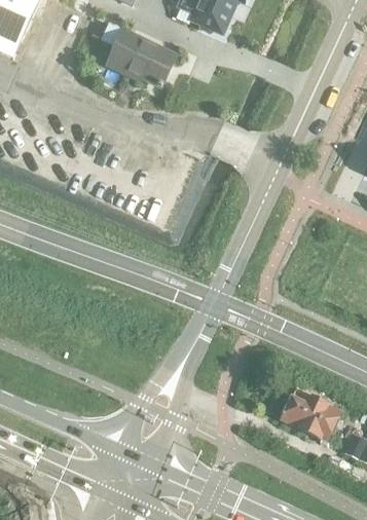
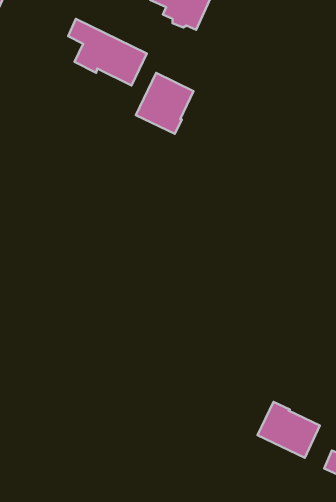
building: none -> [136,73,193,134]

